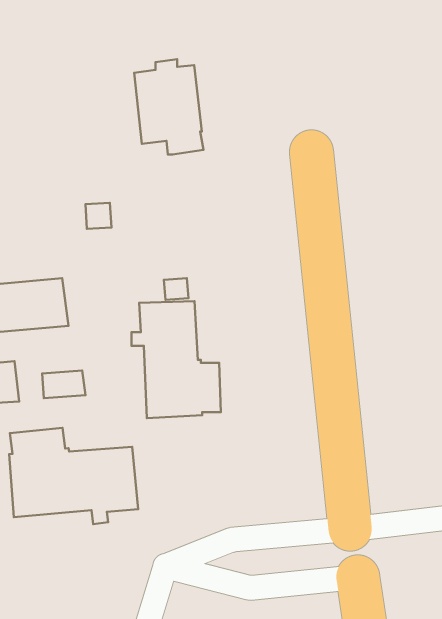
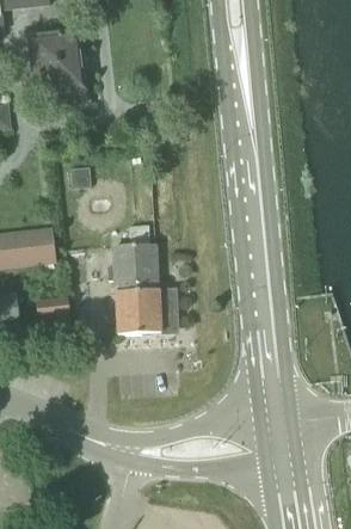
building: [134,59,203,155] -> [30,30,84,104]
building: [9,428,138,524] -> none

